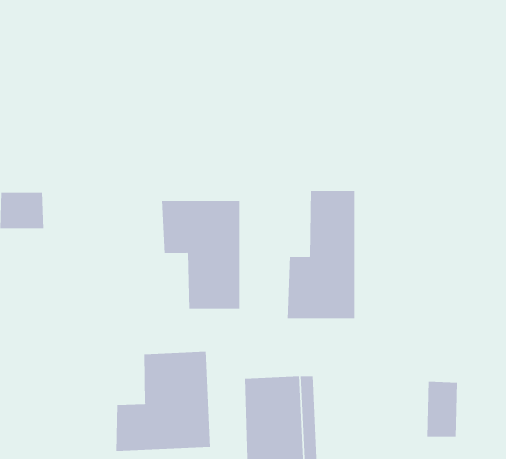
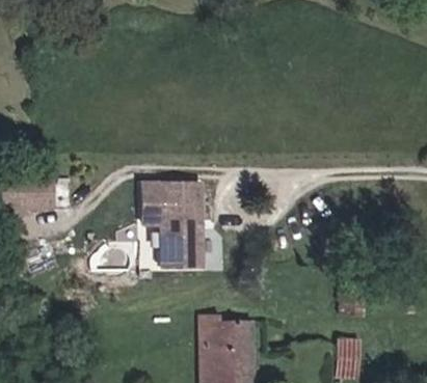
building: [287,190,355,319] -> none
building: [116,351,210,452] -> none

